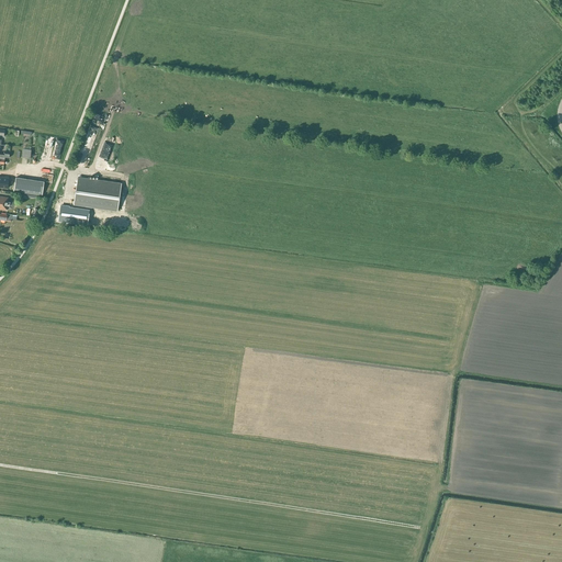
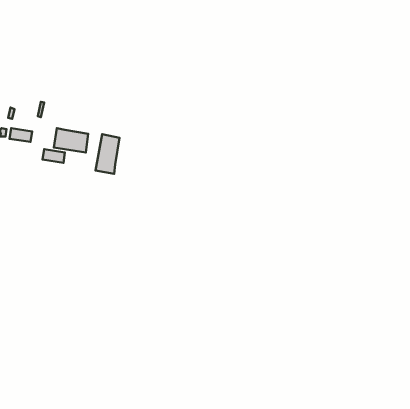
building: none -> [96,134,120,174]

